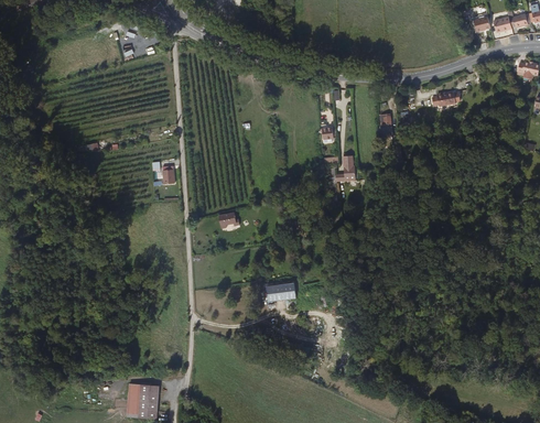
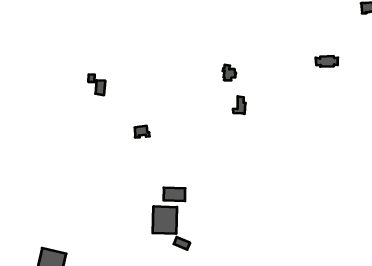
building: none -> [153,206,177,234]

